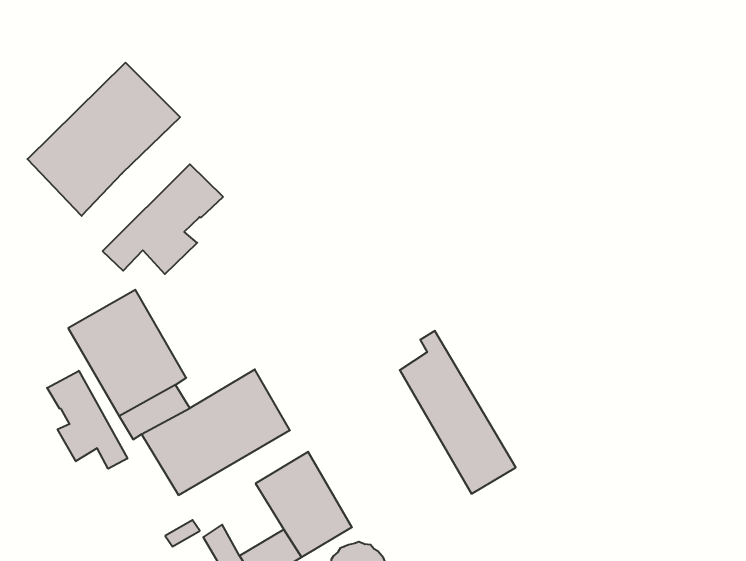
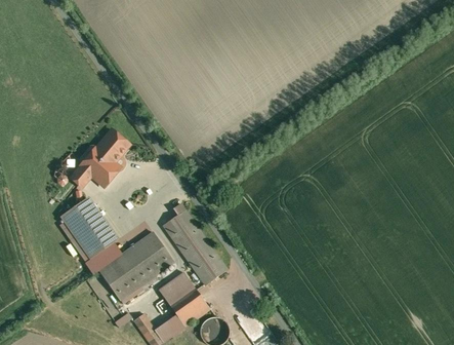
building: [27,63,180,216] -> none
building: [400,331,516,494] -> [163,202,226,284]
building: [47,371,127,469] -> none

